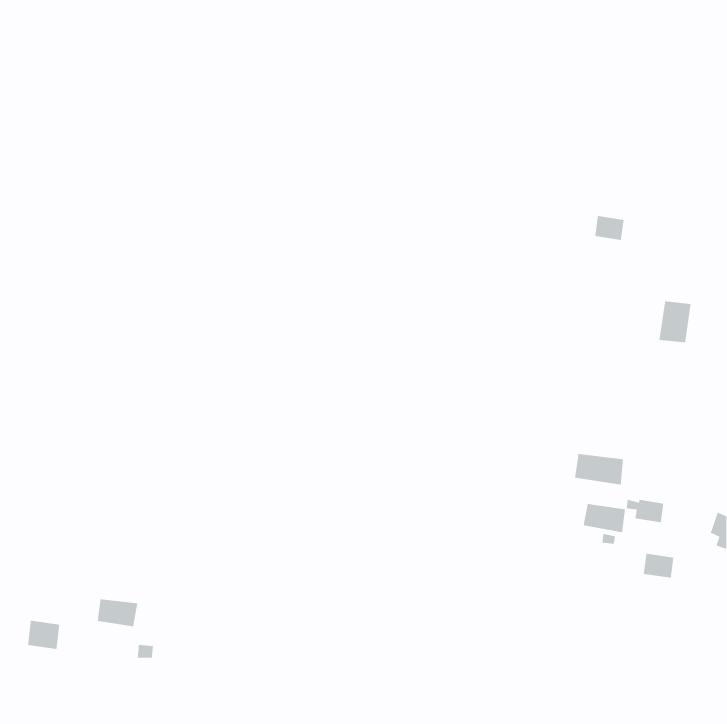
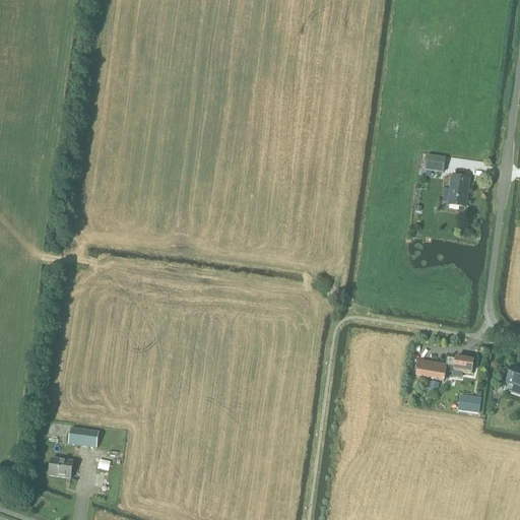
building: [659,301,691,343] -> [446,175,469,205]
building: [574,453,624,486] -> none
building: [27,620,60,650] -> [49,456,72,477]

